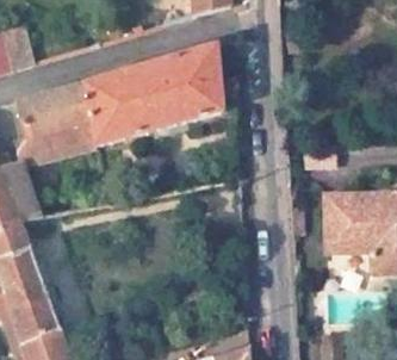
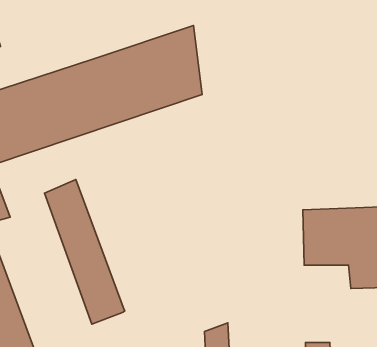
building: none -> [44,179,125,324]

